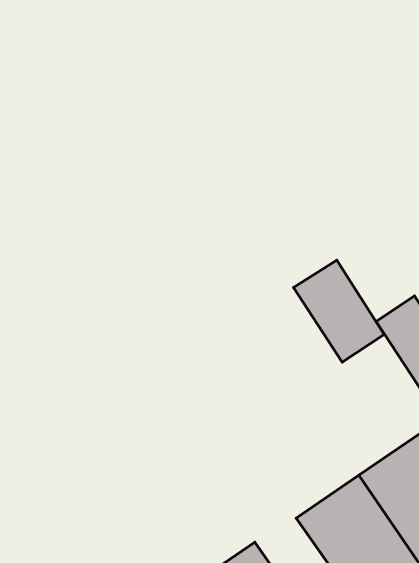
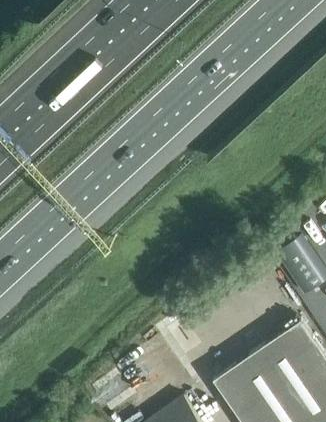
building: [294,260,384,362] -> none

